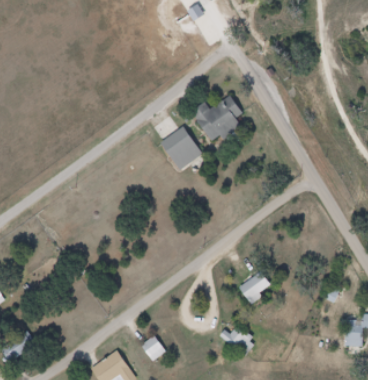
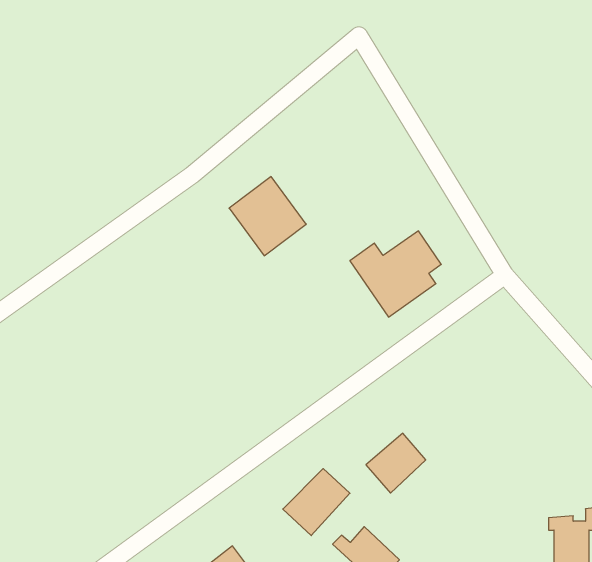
building: [188,94,240,143] -> [350,231,441,317]
building: none -> [283,469,350,536]

